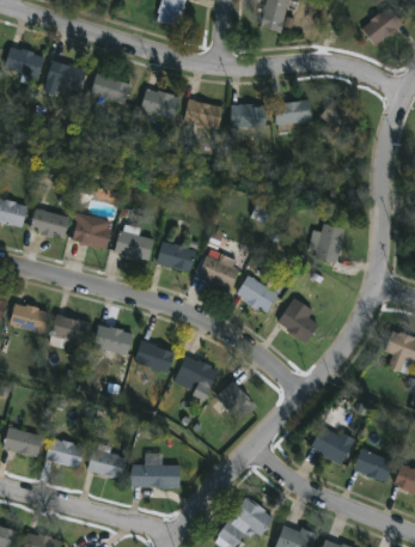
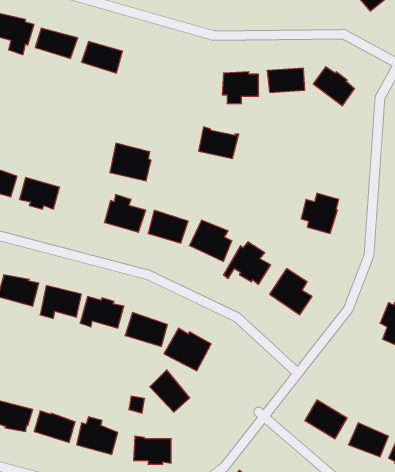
building: [140,87,181,118] -> none
building: [184,97,224,128] -> [199,127,239,158]
building: [72,212,112,249] -> [110,143,151,181]
building: [215,379,255,421] -> [150,370,190,412]

